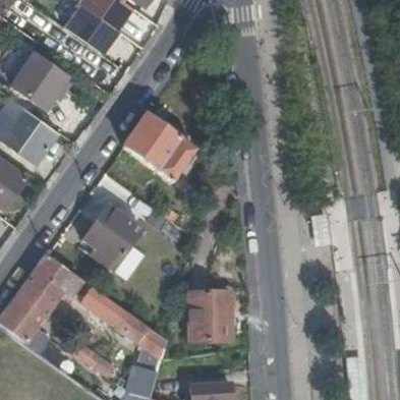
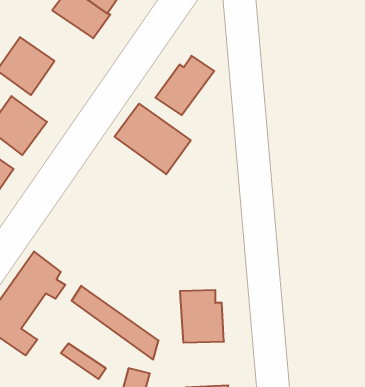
building: none -> [155,56,214,115]
building: [82,207,139,270] -> none

